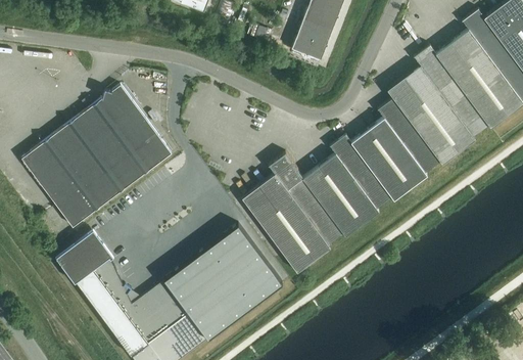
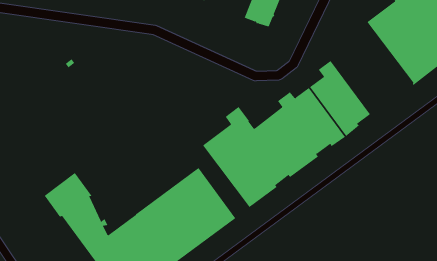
building: [387,45,489,165] -> none
building: [21,85,172,227] -> none

